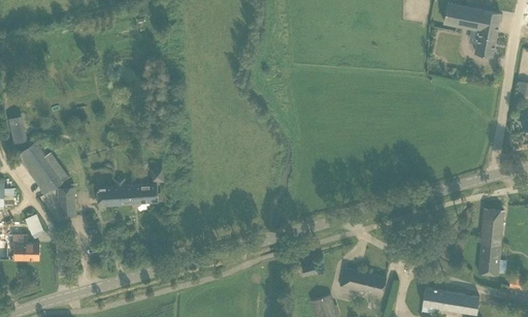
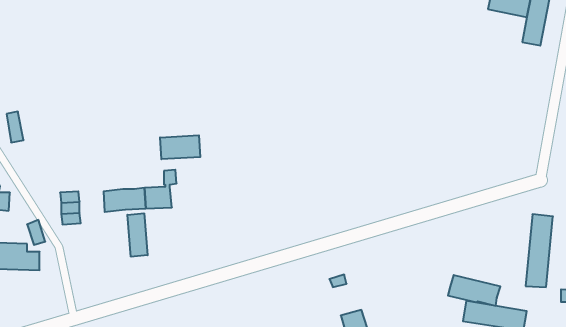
building: none -> [160,135,200,159]
building: [18,144,67,190] -> none
building: none -> [127,213,148,257]
building: [338,267,386,295] -> [448,275,500,306]

